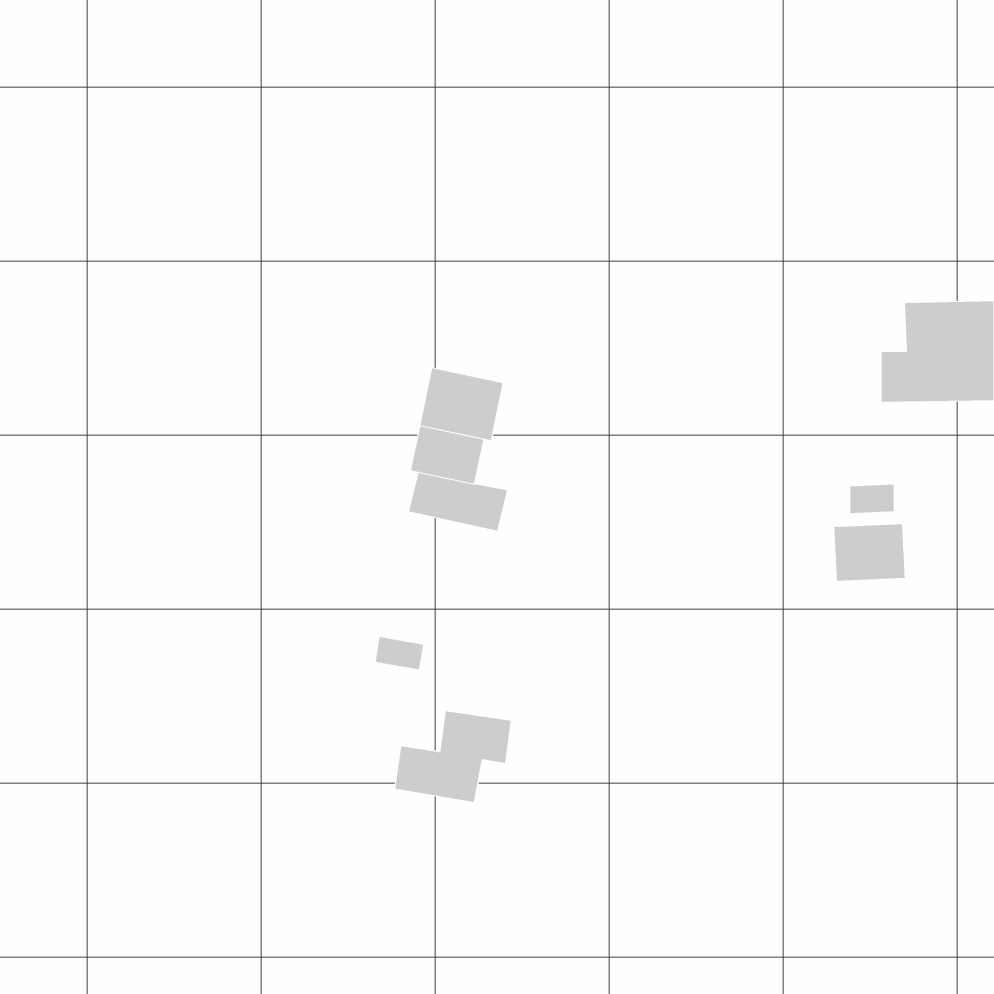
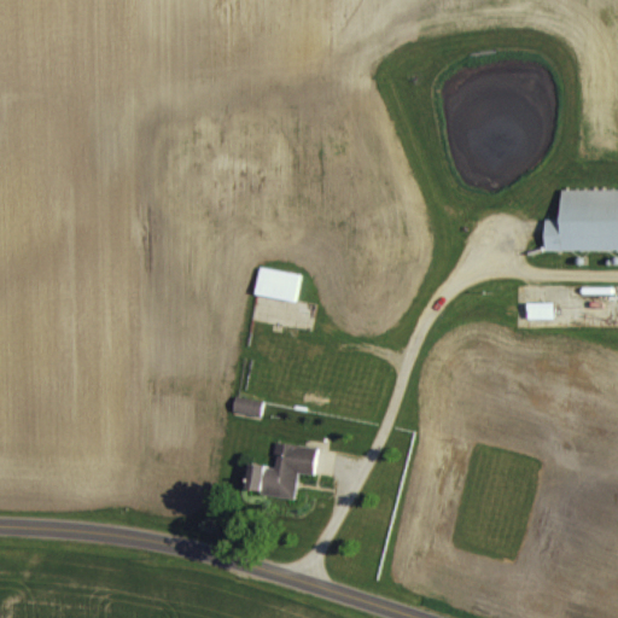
building: [420,367,503,441] -> none
building: [834,524,905,581] -> none

